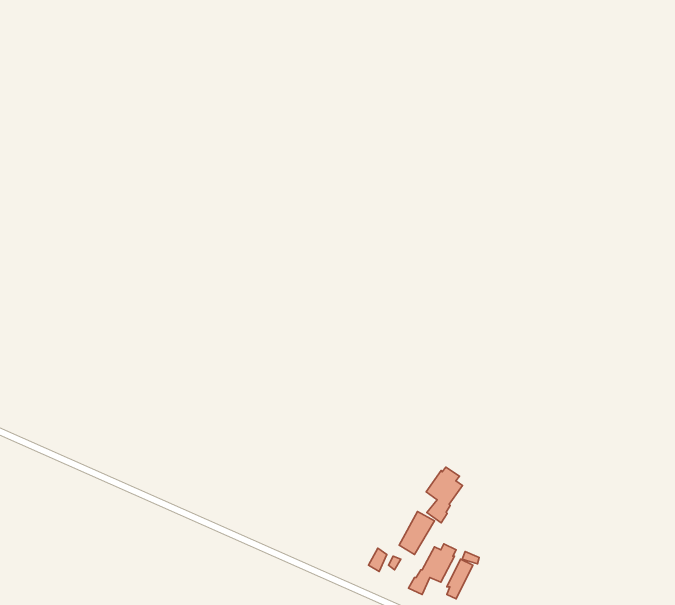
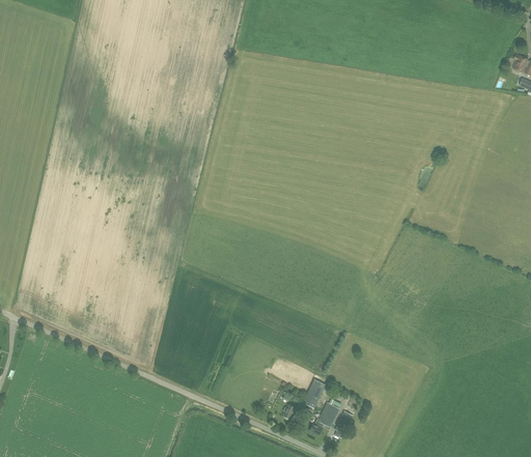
building: [426,467,463,523] -> none

